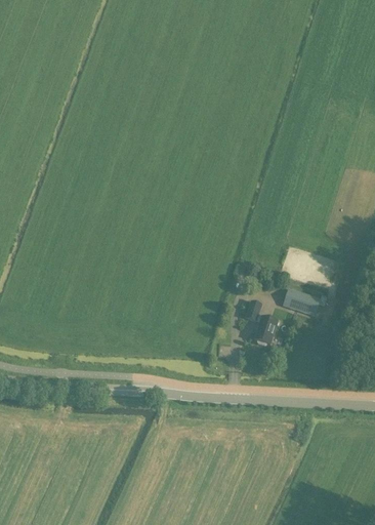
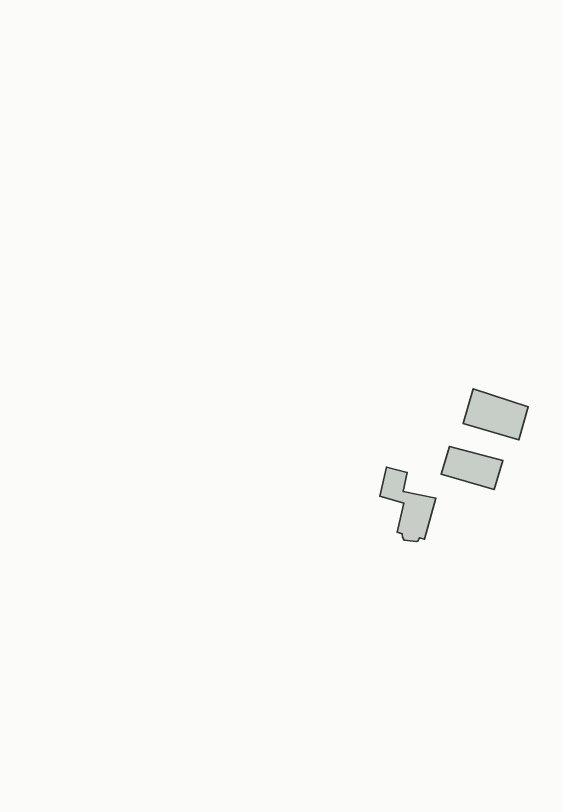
building: none -> [463,389,528,440]

